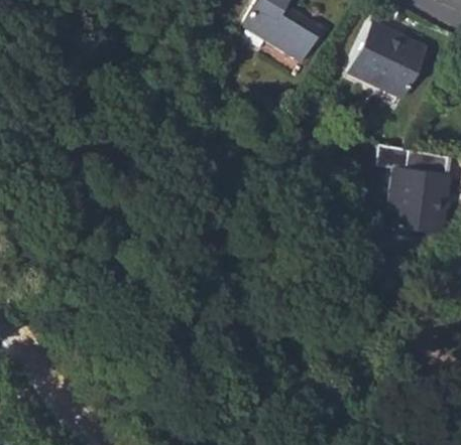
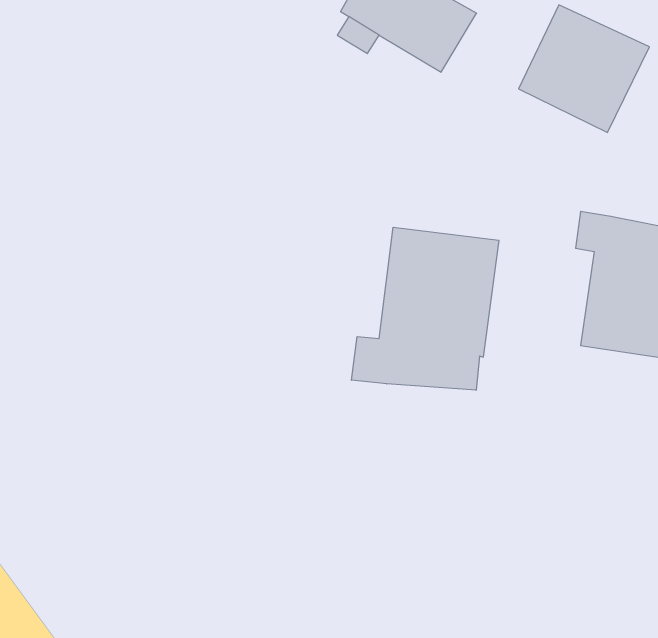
building: none -> [351,227,499,390]

